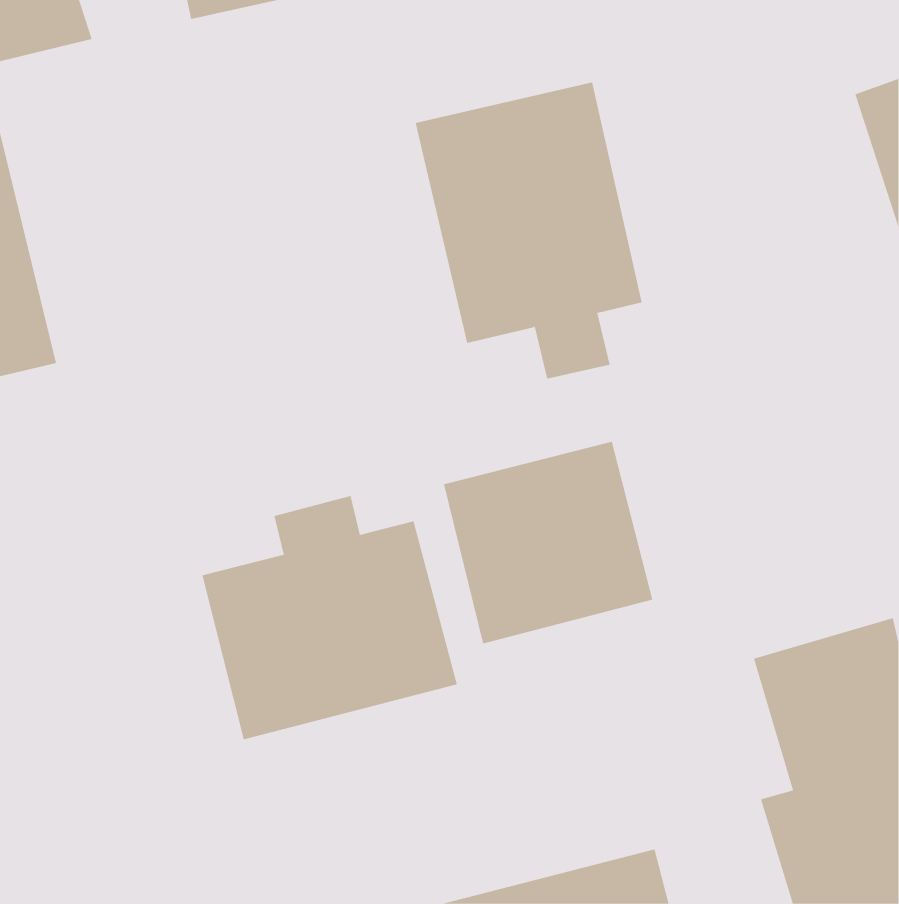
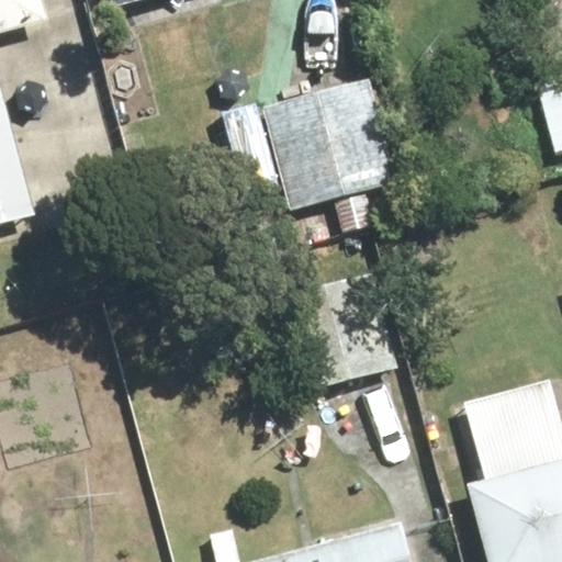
building: [202,495,457,740] -> none

